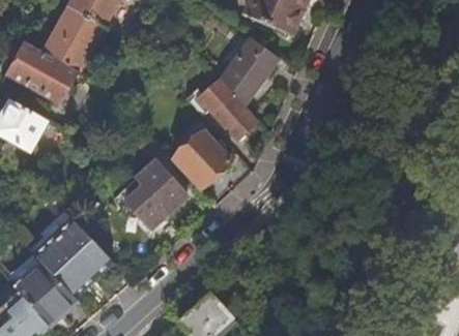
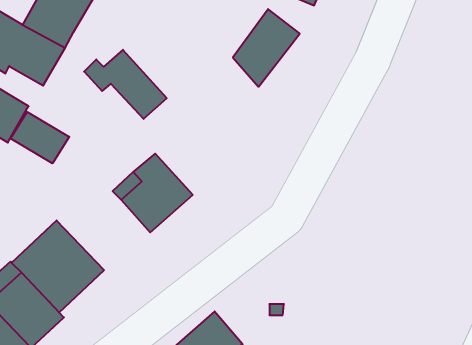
building: [187,81,257,140] -> [84,50,167,119]
building: none -> [10,112,69,163]
building: [174,133,230,189] -> none

